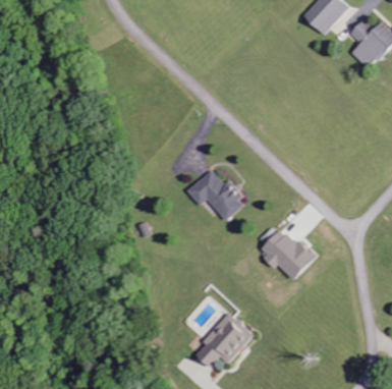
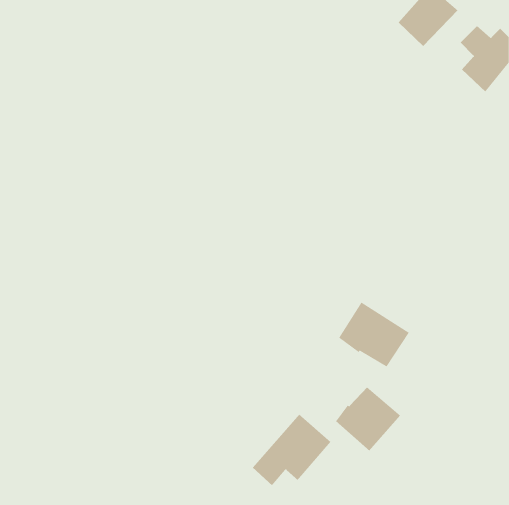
building: [187,169,246,220] -> none
building: none -> [335,386,401,452]

